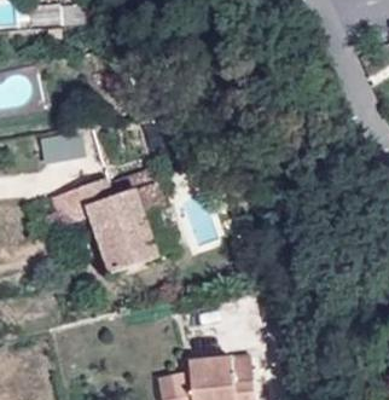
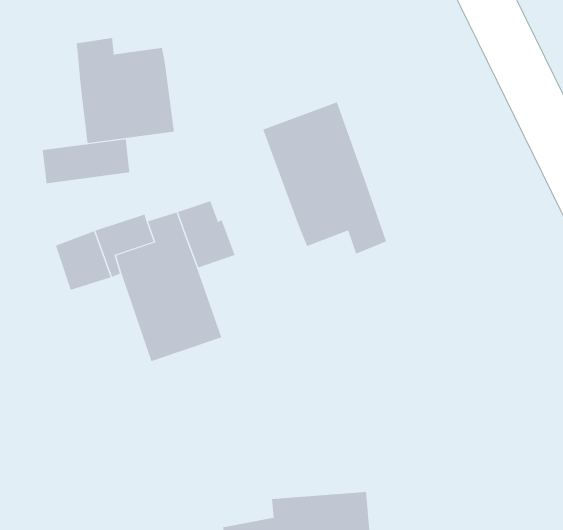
building: none -> [76,37,175,144]
building: none -> [263,102,387,254]

